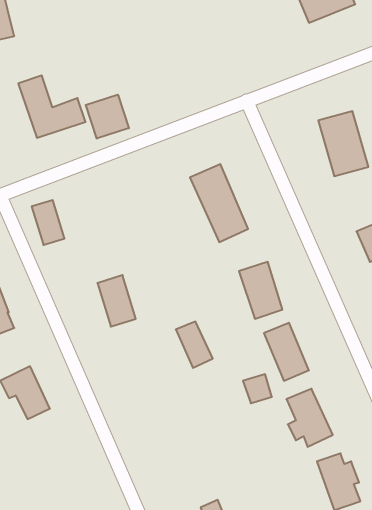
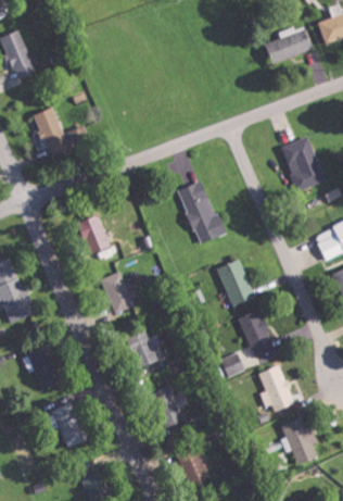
building: [86,95,129,139] -> none
building: [32,200,65,245] -> [81,216,109,253]
building: [176,322,213,368] -> [128,329,158,367]
building: none -> [154,386,181,428]
building: none -> [51,402,86,448]

